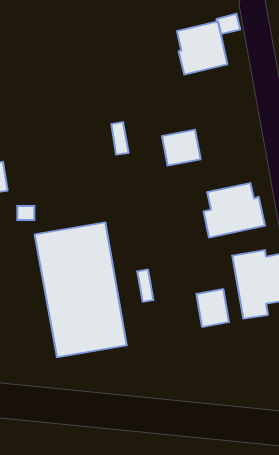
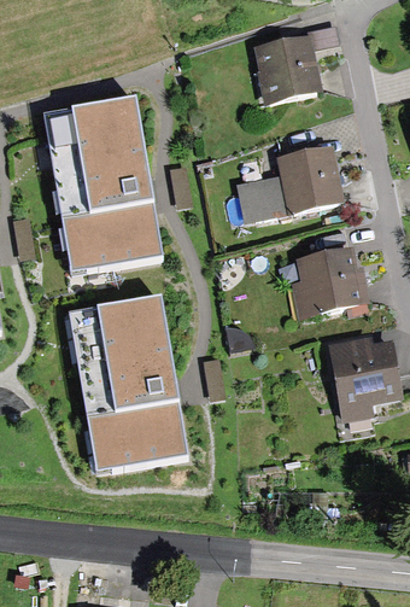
building: none -> [43,103,162,275]
building: none -> [274,144,342,214]
building: [196,289,229,327] -> none

